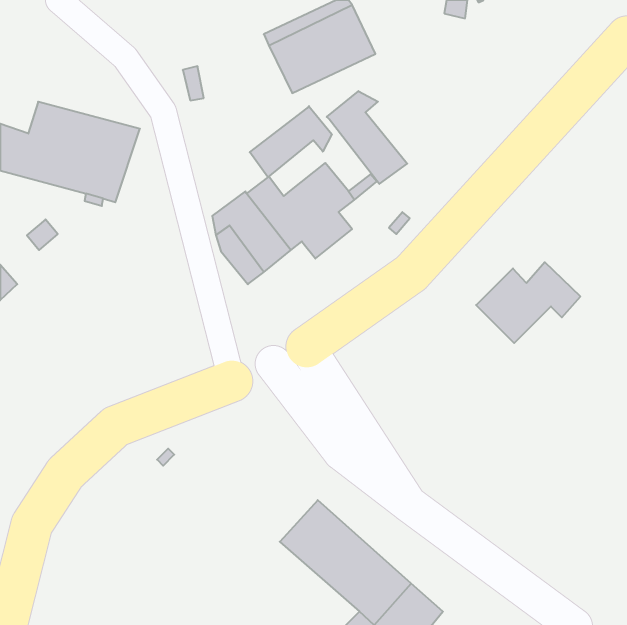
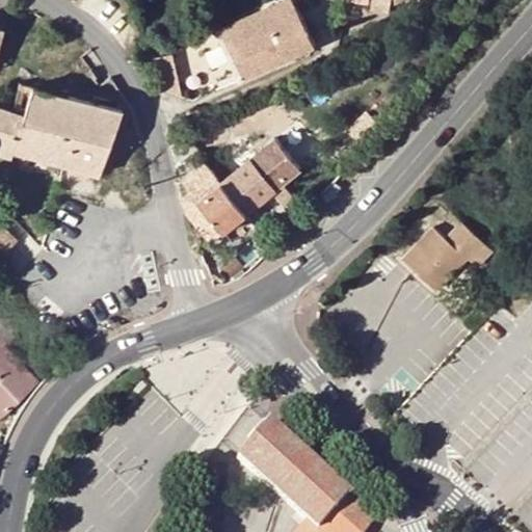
building: [327,91,407,184] -> none
building: [250,106,332,177] -> none

